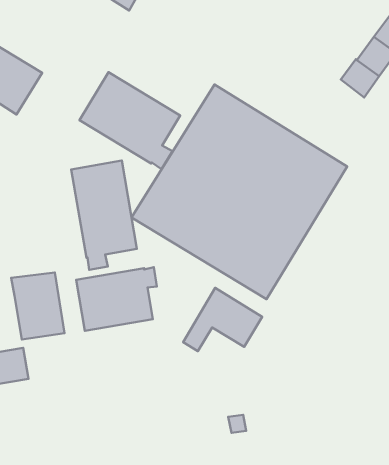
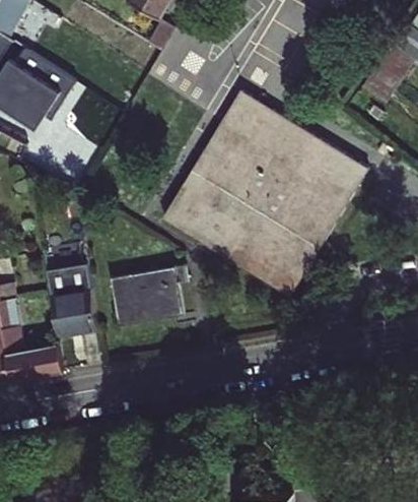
building: [80,72,180,169] -> none
building: [71,161,137,270] -> none
building: [183,288,262,351] -> none

